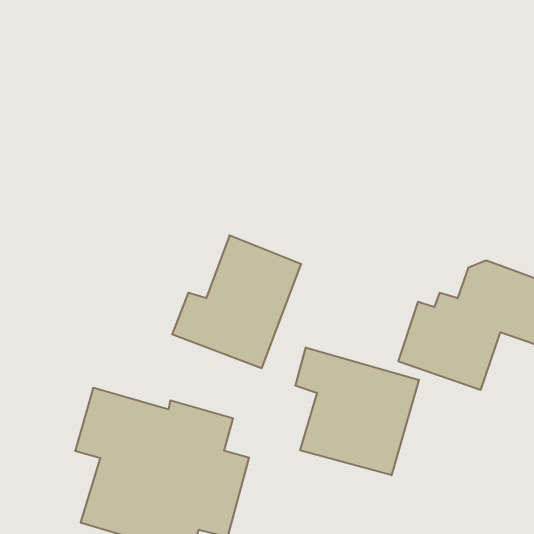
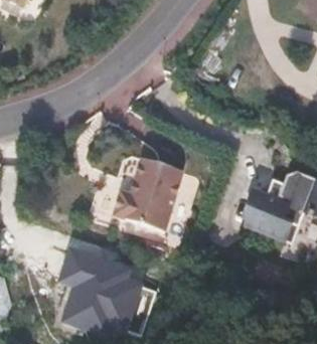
building: [295,347,419,475] -> none

